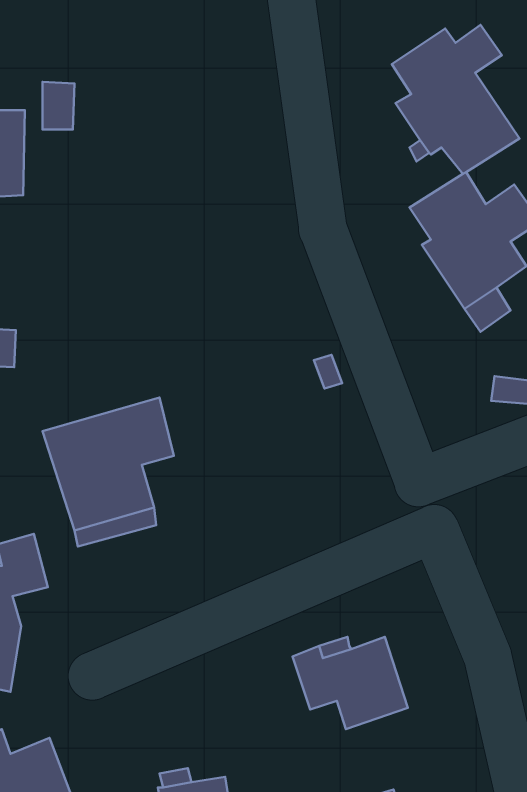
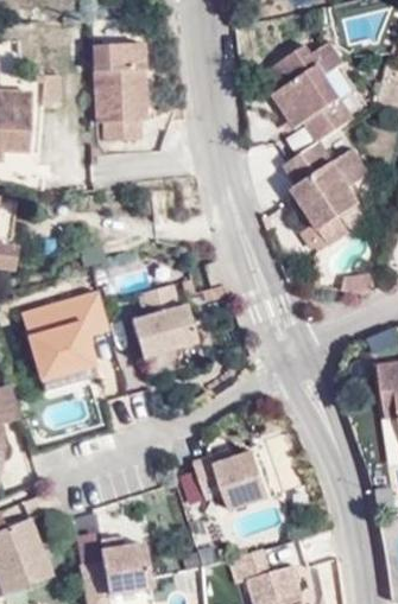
building: none -> [80,47,138,139]
building: none -> [143,279,209,352]

